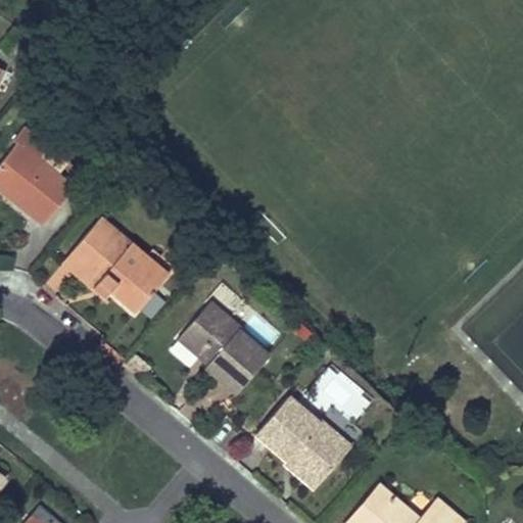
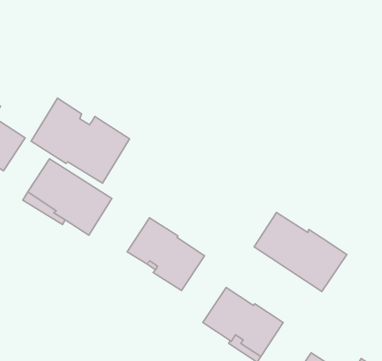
building: none -> [31,98,130,183]
building: none -> [254,212,347,292]

